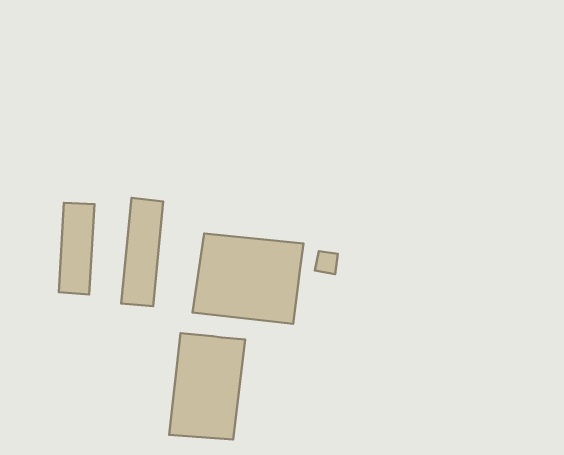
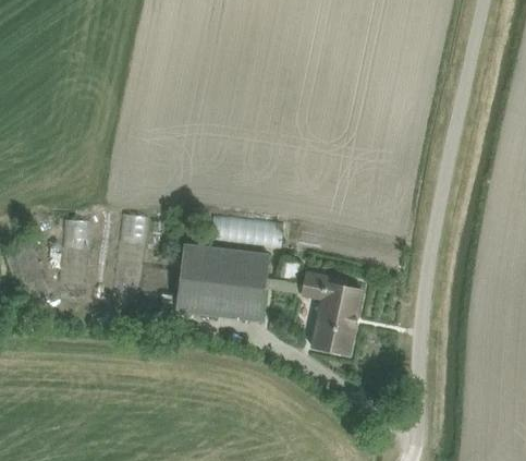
building: none -> [266,271,362,354]
building: [169,333,245,439] -> none

